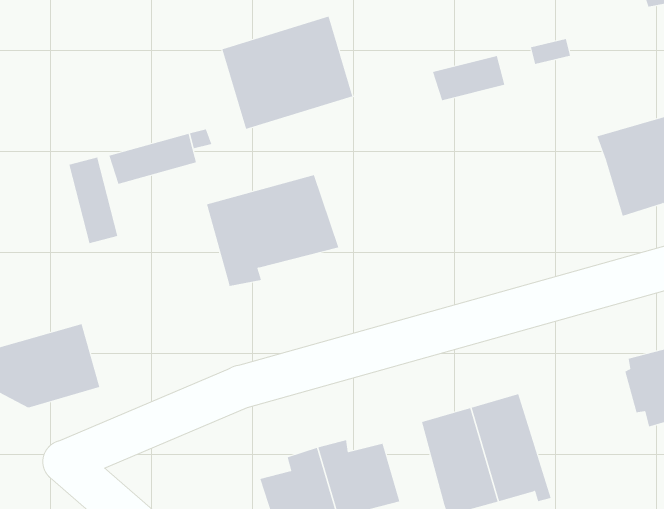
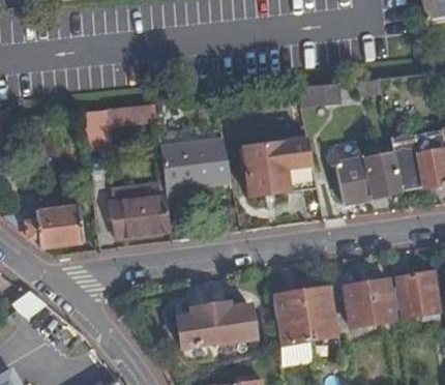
building: [222,16,353,130] -> [246,138,319,197]
building: none -> [337,155,404,207]
building: none -> [110,196,173,239]
building: none -> [340,275,391,322]

